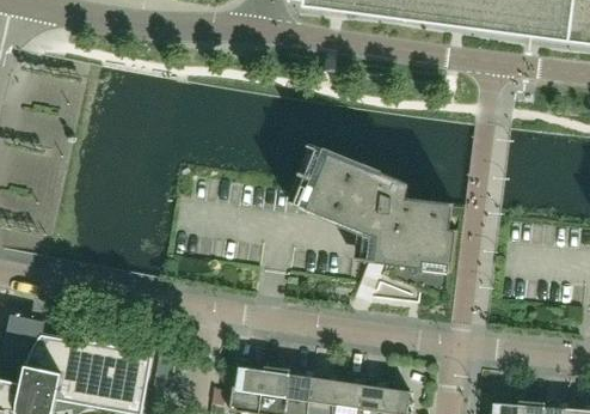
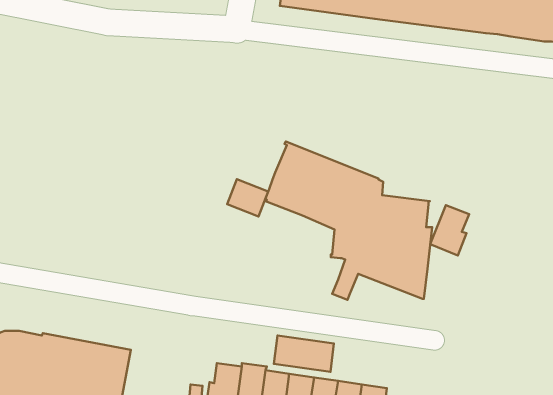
building: none -> [227,179,268,217]
building: none -> [430,205,469,256]
building: none -> [274,336,334,372]

